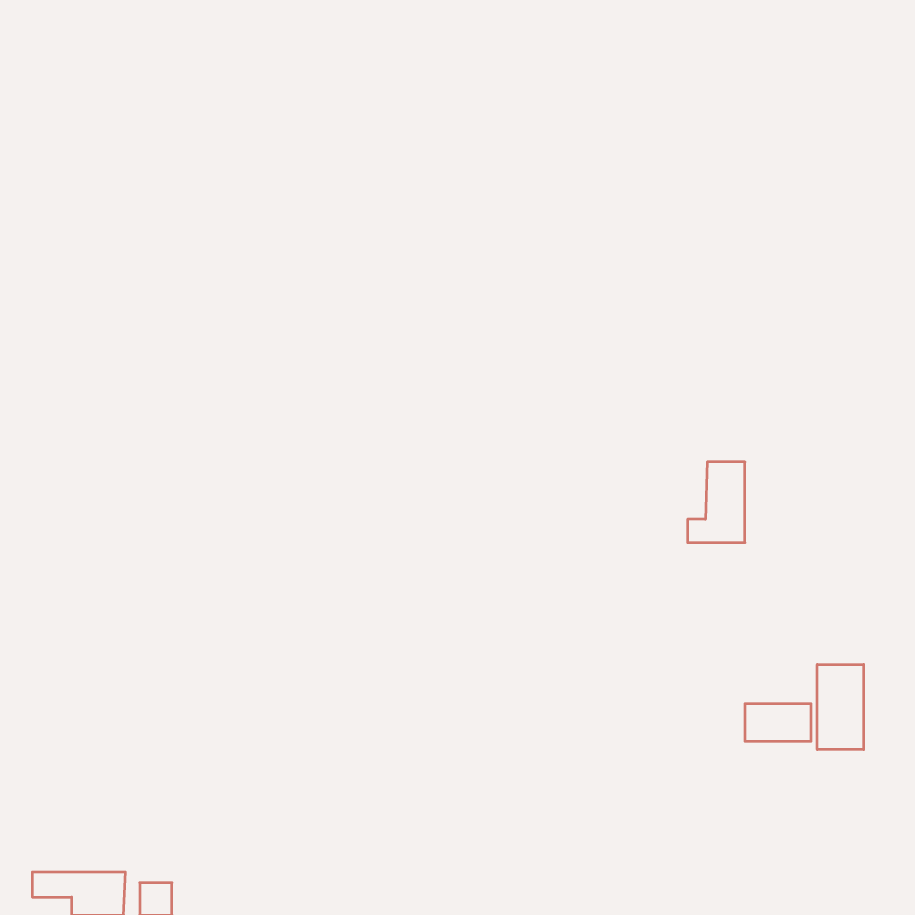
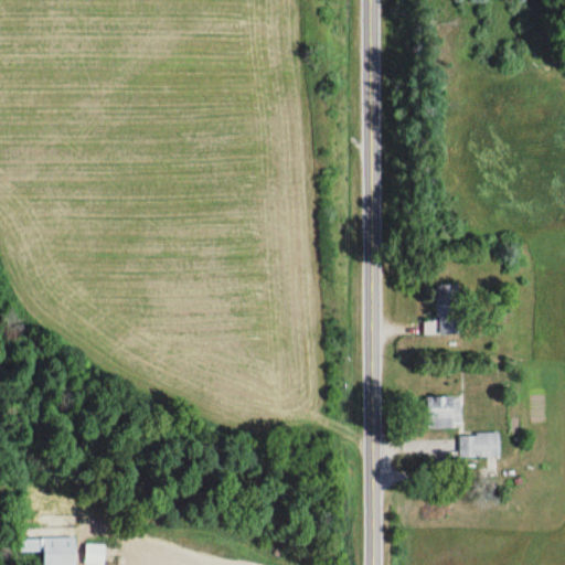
building: none -> [426,396,461,429]
building: [817,664,864,750] -> none

